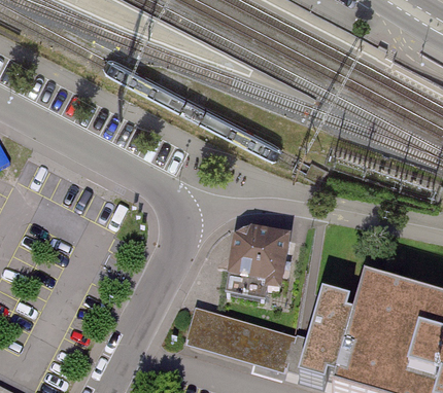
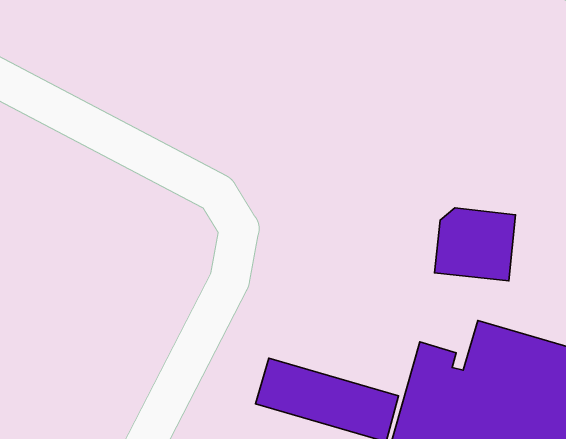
building: [225,227,286,283] -> [435,208,516,281]

